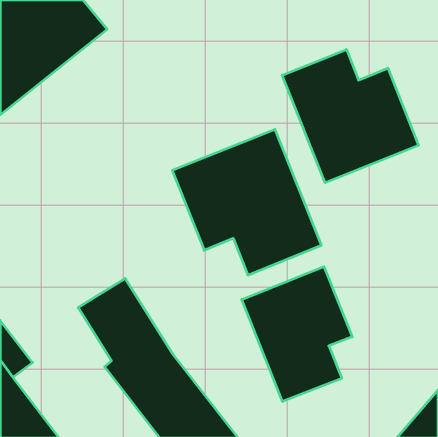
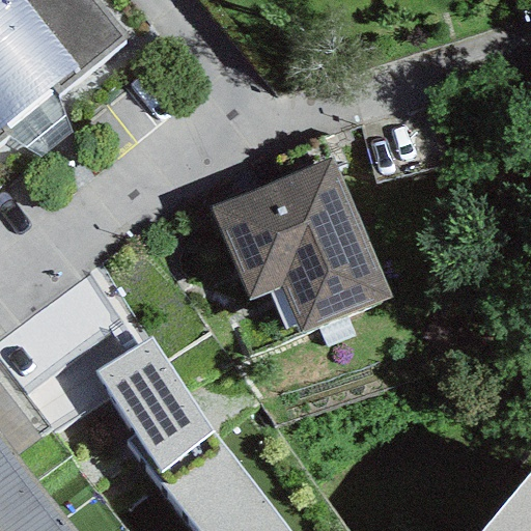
building: [282,49,418,183] -> none
building: [242,267,352,402] -> none

